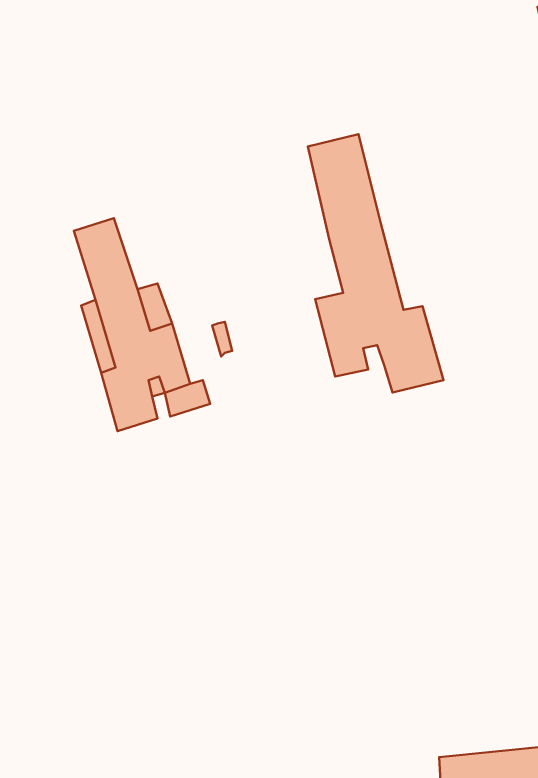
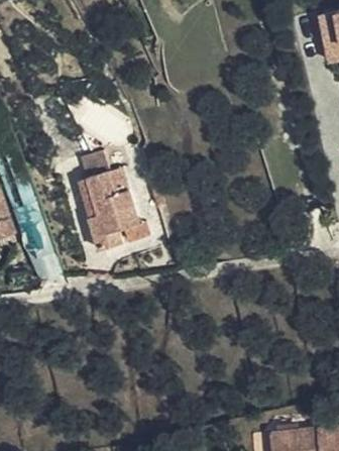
building: [308,134,443,392] -> none

